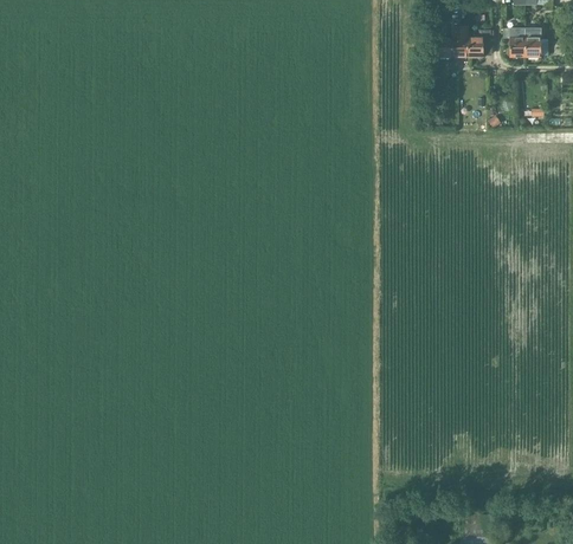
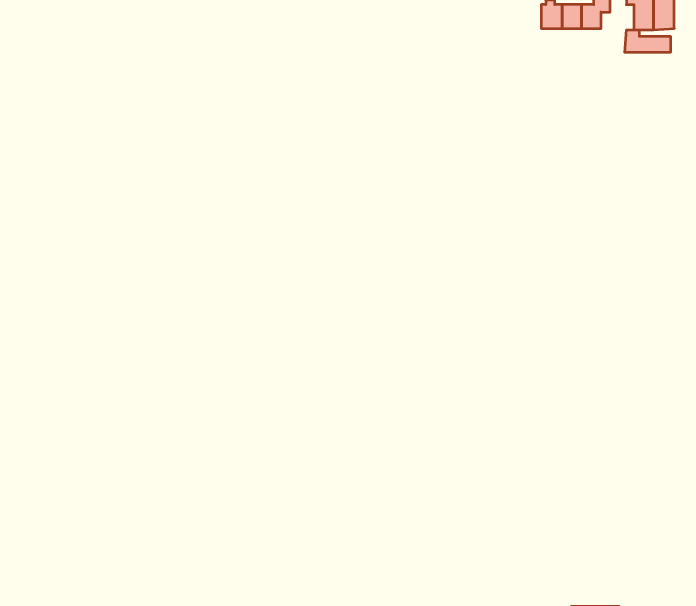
building: none -> [625,30,670,52]

